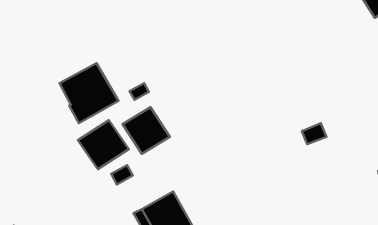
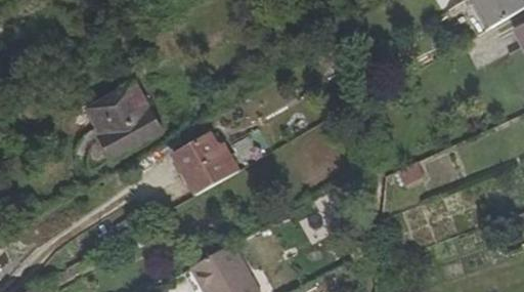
building: [78,120,129,169] -> none

